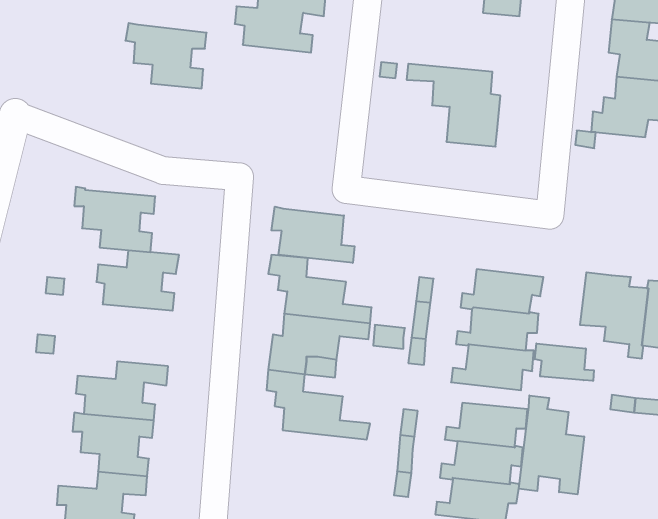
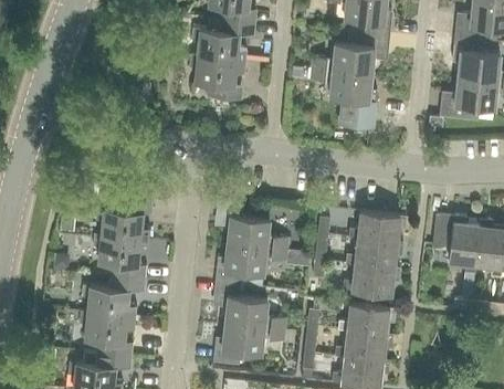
building: none -> [313,34,390,75]
building: [125,23,207,88] -> [189,55,245,101]
building: [74,187,155,252] -> [93,234,149,280]
building: [271,207,355,263] -> none
building: [535,343,594,381] -> none
building: [519,395,584,494] -> none
building: none -> [213,324,284,366]

